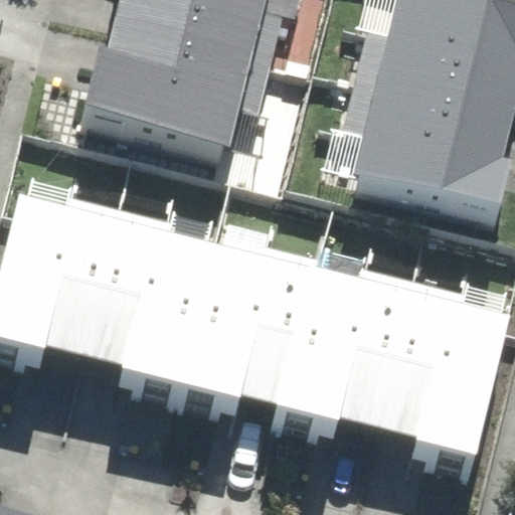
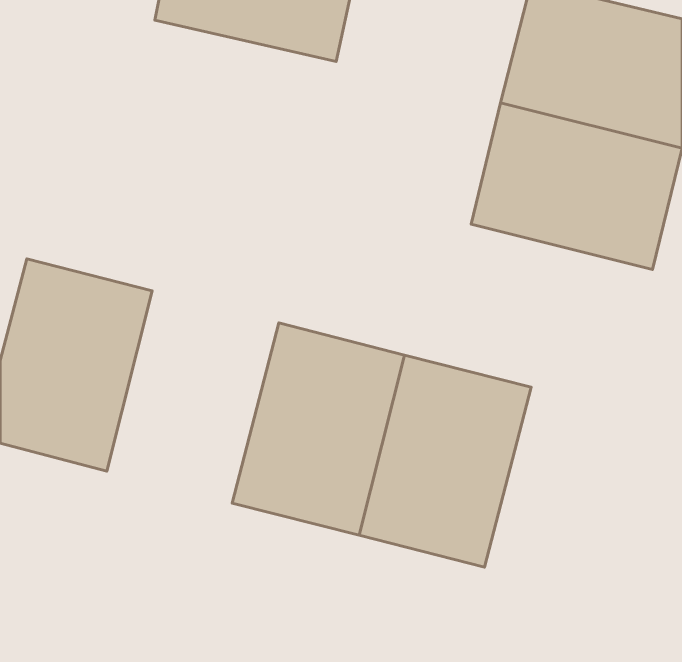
building: [95,15,253,142] -> none
building: [80,219,210,379] -> none
building: [365,292,496,452] -> none

